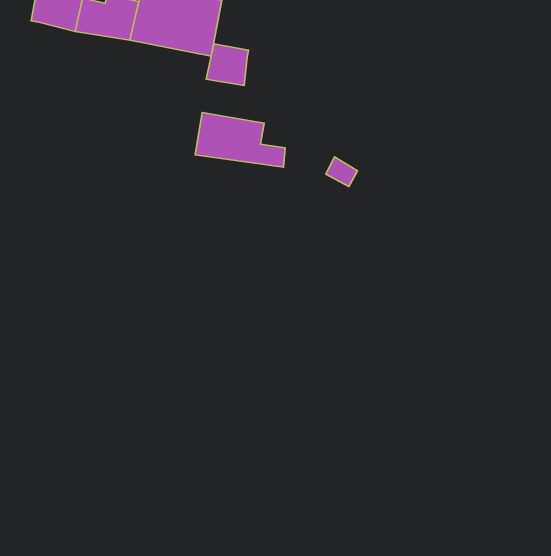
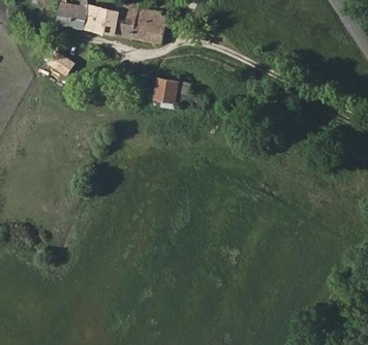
building: [206,44,248,85] -> none
building: none -> [47,49,74,75]

